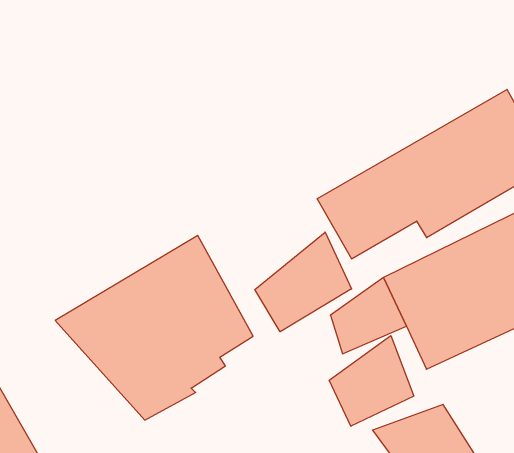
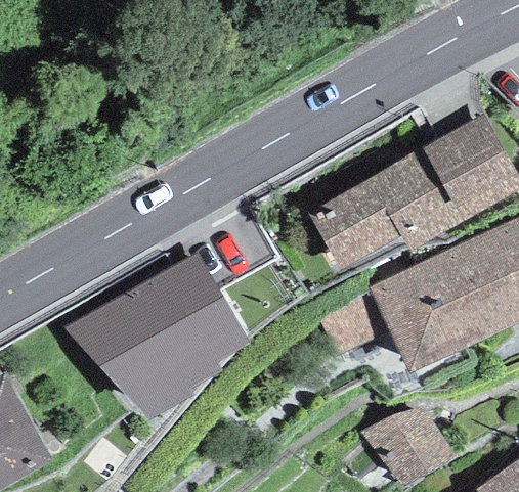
building: [255,232,352,332] -> none
building: [329,336,414,426] -> none

